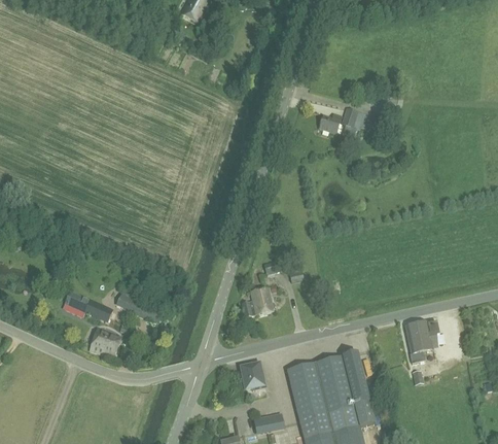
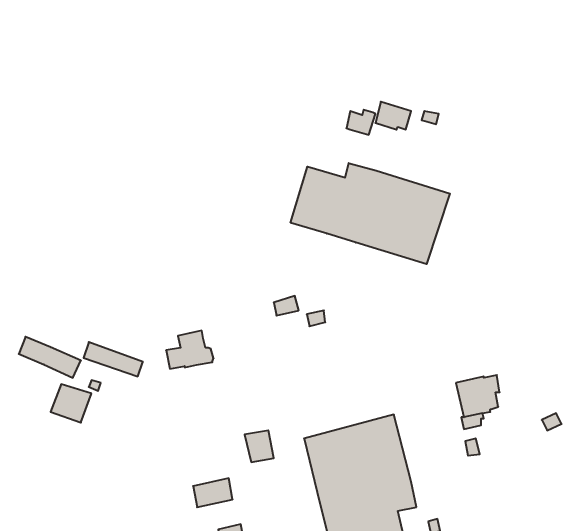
building: none -> [291,163,450,264]
building: [240,285,277,315] -> [166,331,214,369]
building: [252,411,283,434] -> [193,478,233,507]

